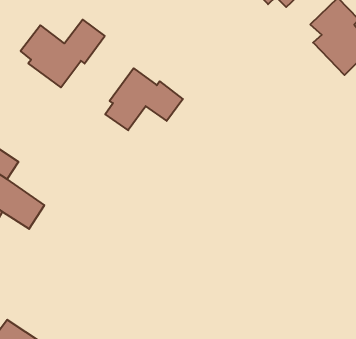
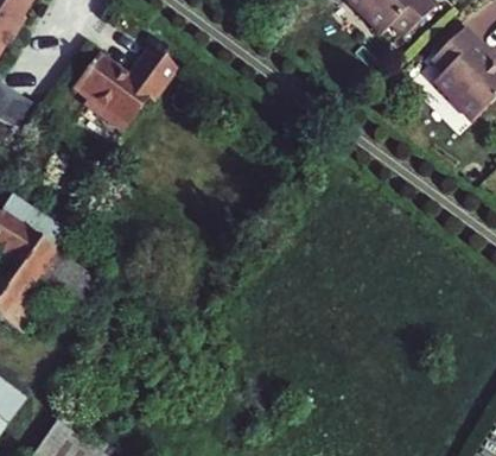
building: [105,68,183,130] -> none

